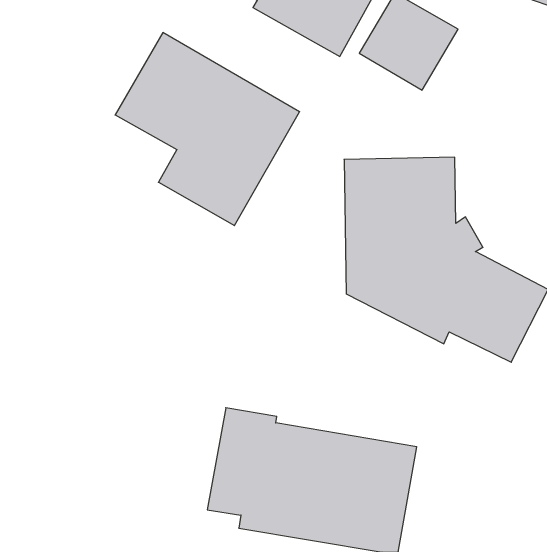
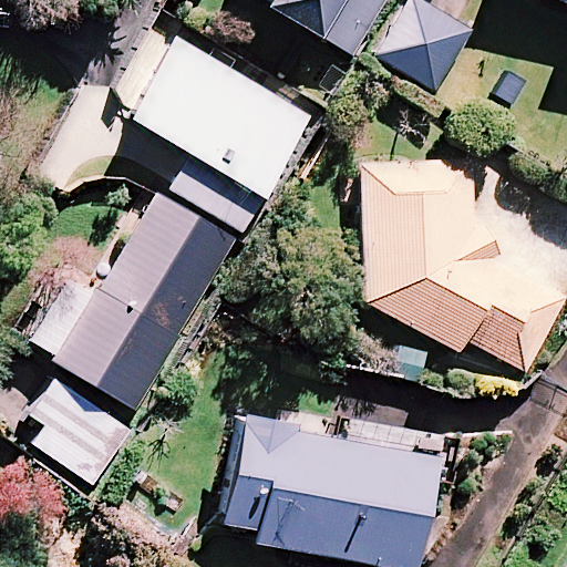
building: none -> [52,189,238,406]
building: none -> [29,372,137,484]

